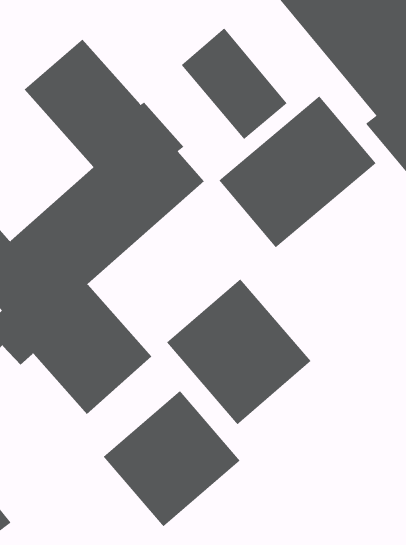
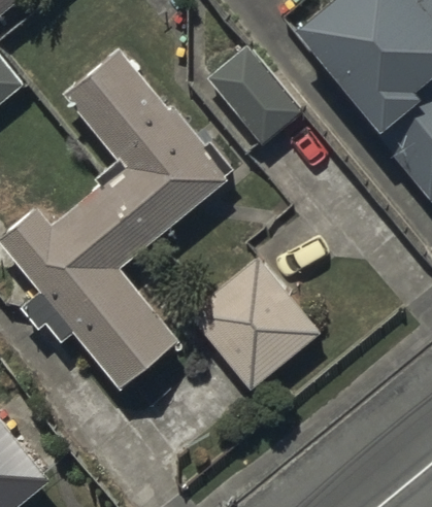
building: [219,96,376,248] -> none
building: [103,390,240,527] -> none

